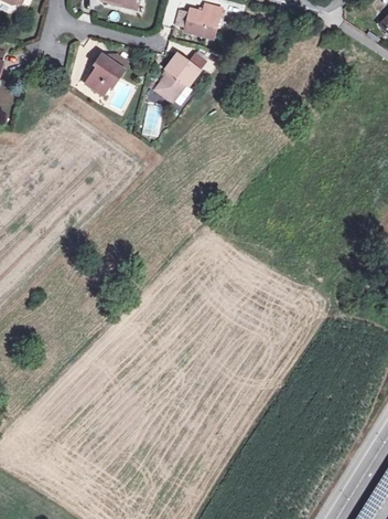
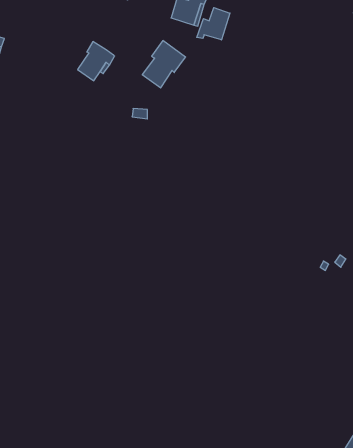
building: none -> [197,8,230,40]

